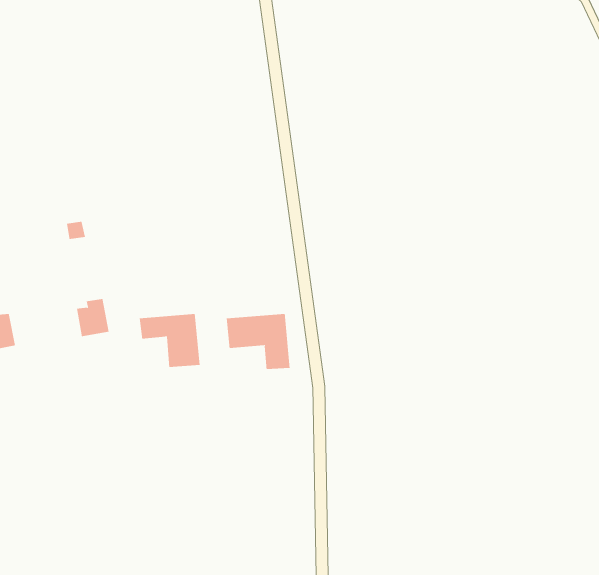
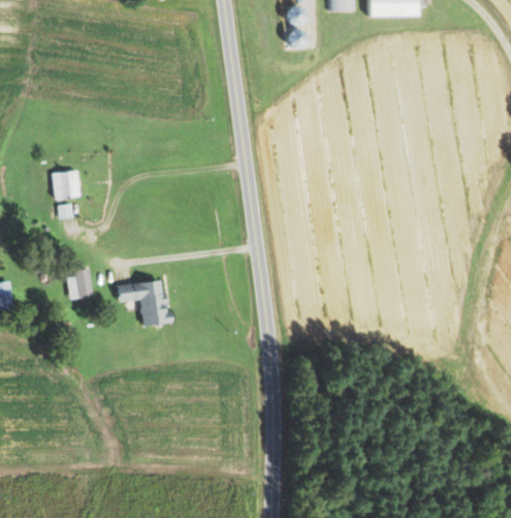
building: none -> [53,172,79,197]
building: [226,313,290,370] -> none

